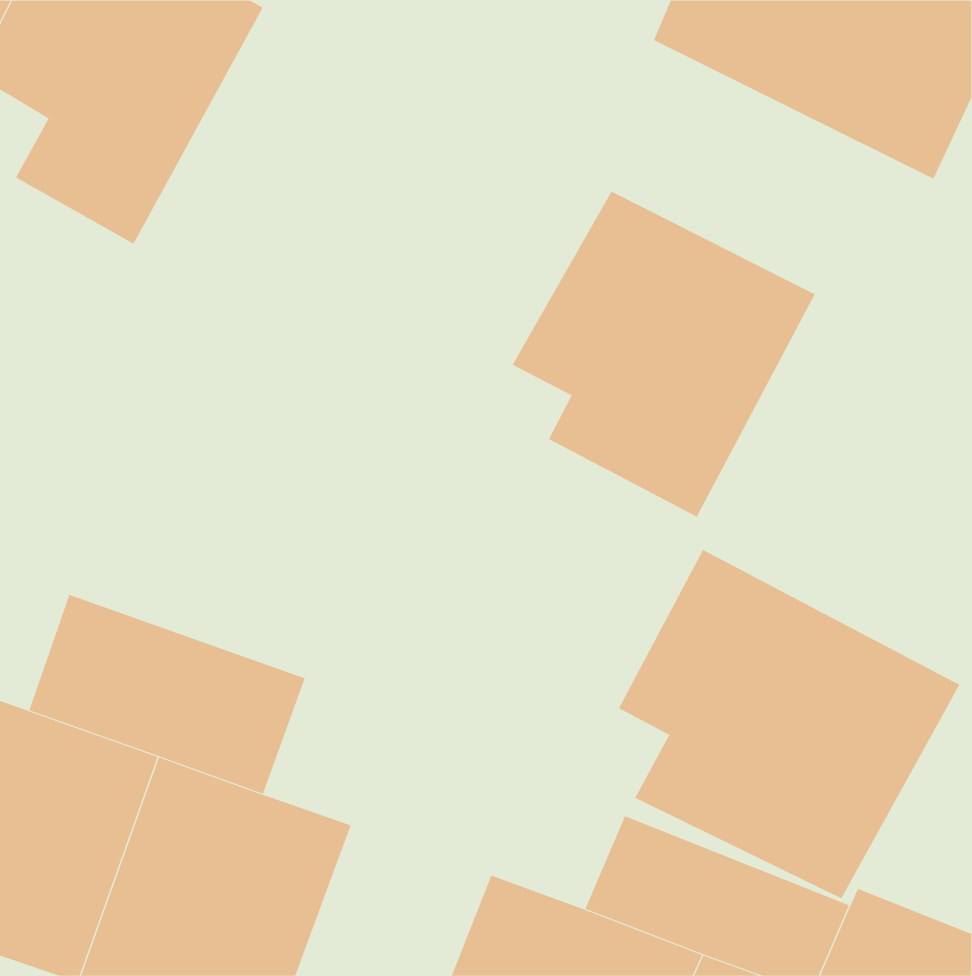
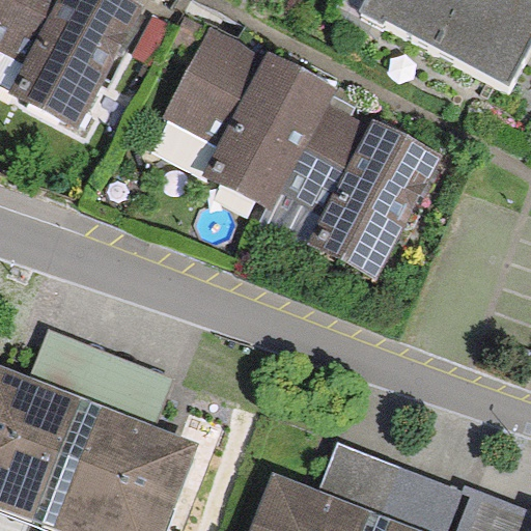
building: none -> [168,32,337,209]
building: [618,549,960,899] -> none

